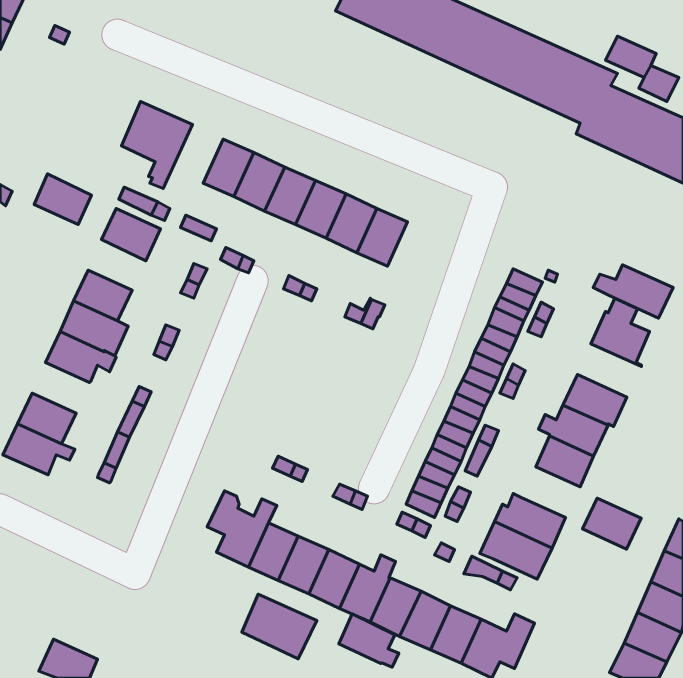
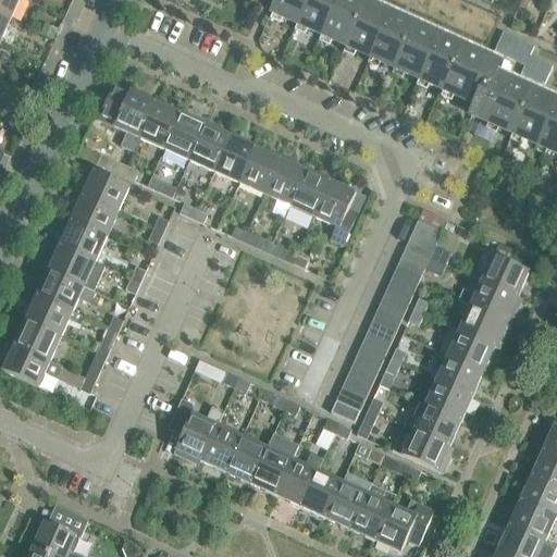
building: none -> [140,101,182,149]
building: [34,174,92,225] -> [72,195,119,236]
building: none -> [315,181,364,244]
building: [593,265,673,318] -> [457,280,522,323]
building: none -> [26,295,84,336]
building: [582,498,641,549] -> [424,380,472,421]
building: [242,594,317,659] -> none
building: [339,614,399,667] -> none

